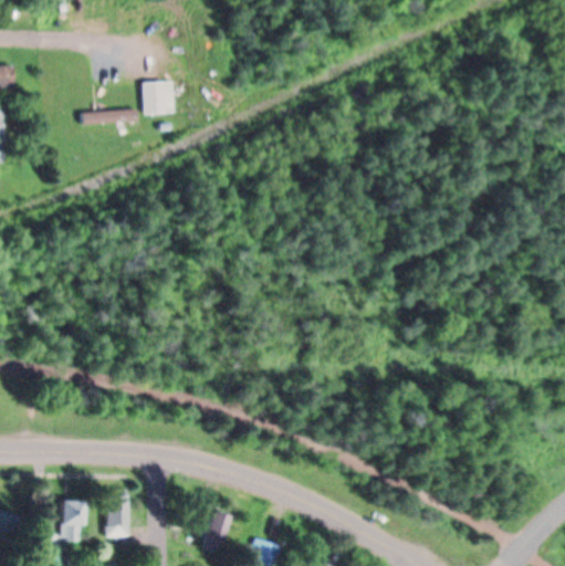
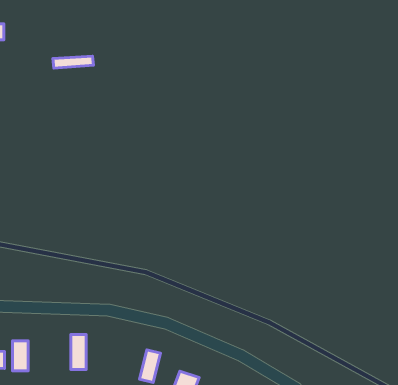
building: [144,81,176,114] -> none
building: [62,500,83,541] -> [13,341,28,371]

